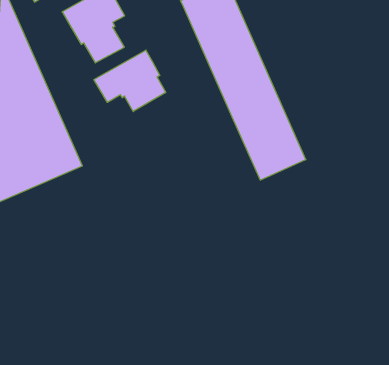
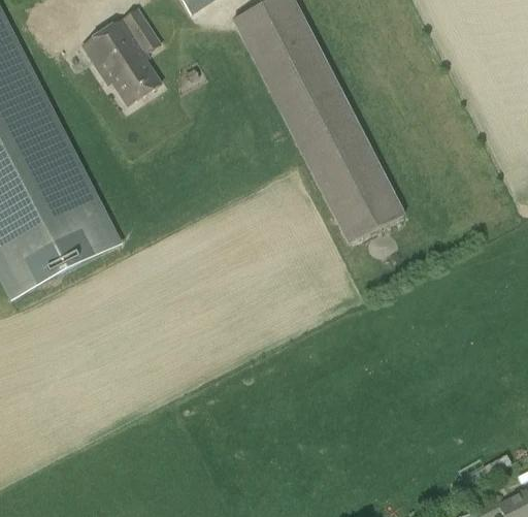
building: [94,50,166,112] -> none

